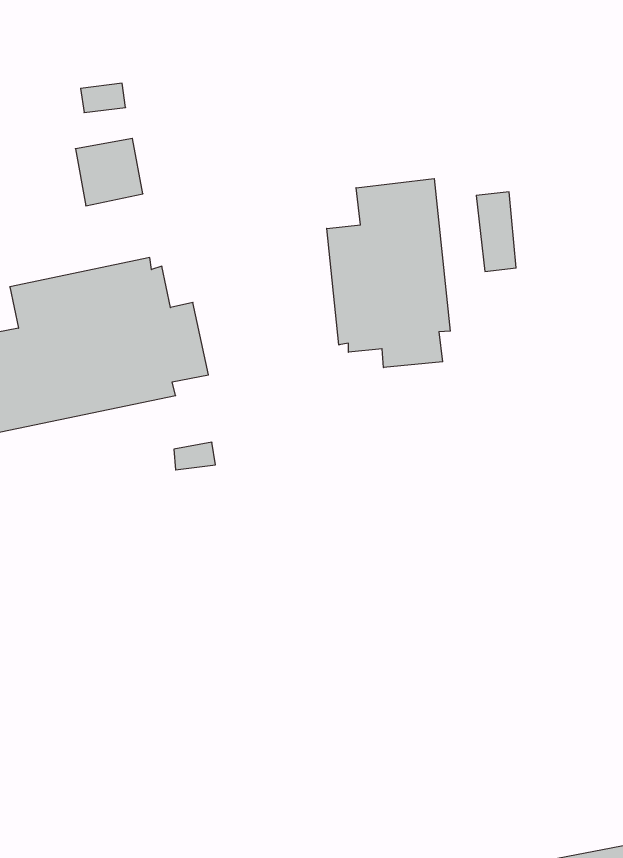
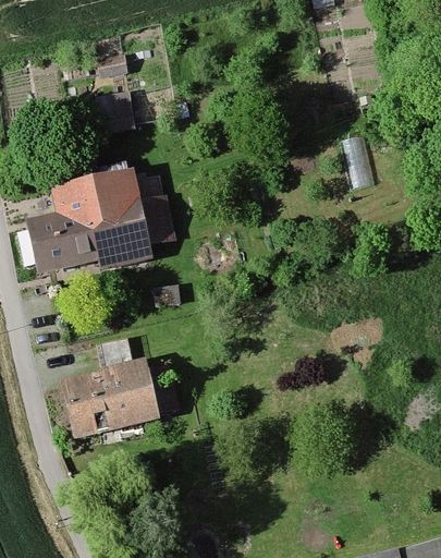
building: [327,179,450,368] -> none
building: none -> [61,337,175,437]

